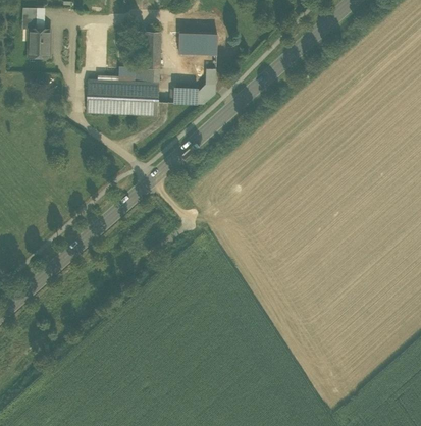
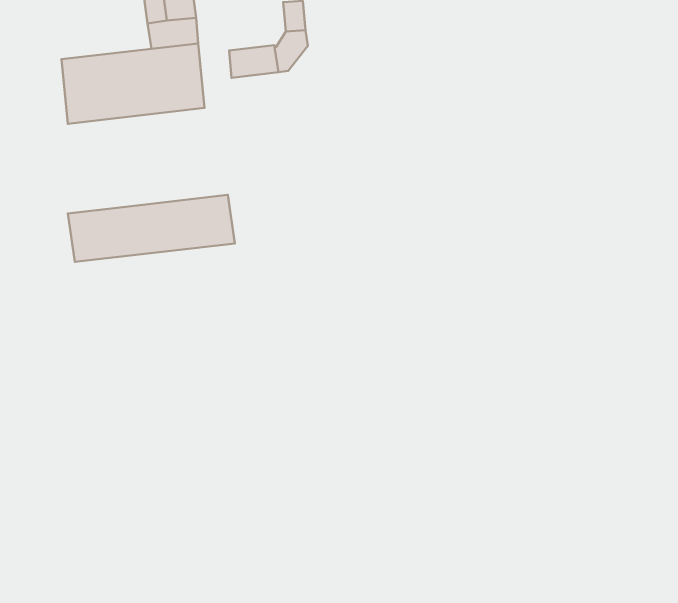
building: none -> [68,195,235,262]

